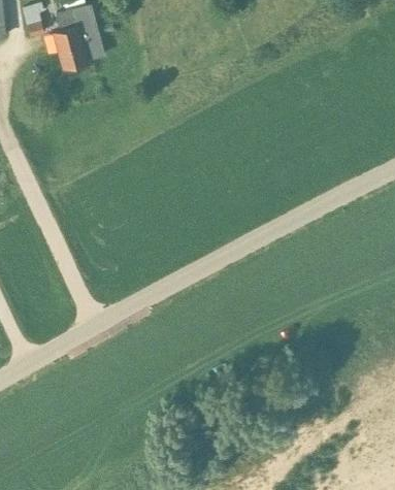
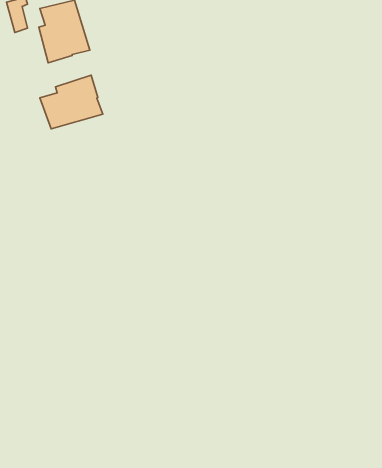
building: none -> [40,75,103,129]

